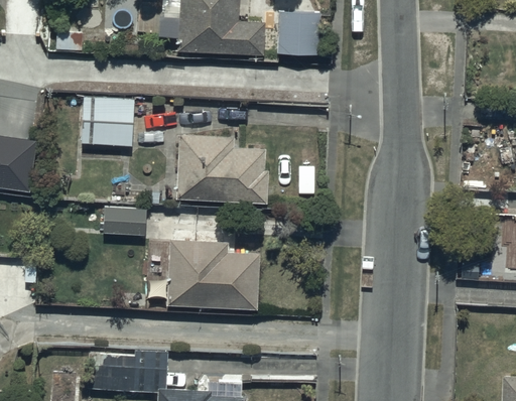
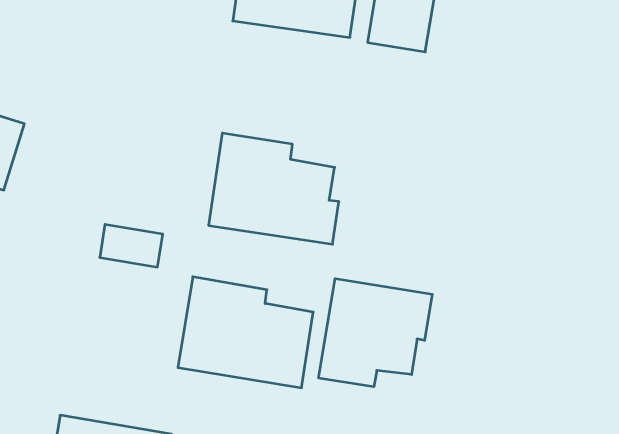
building: [80,94,136,147] -> none
building: none -> [319,279,432,387]

